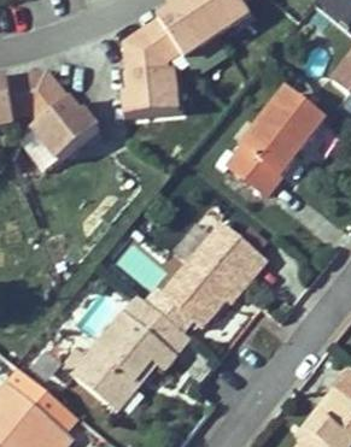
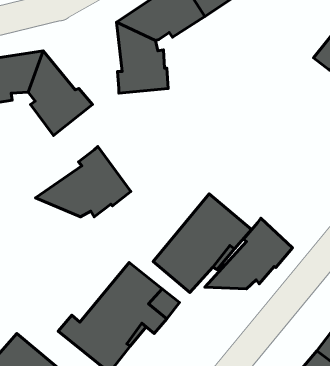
building: [227,90,322,193] -> none
building: none -> [36,146,131,217]
building: none -> [205,218,292,289]

